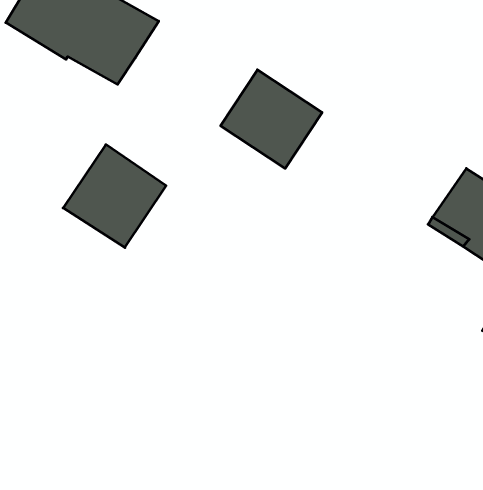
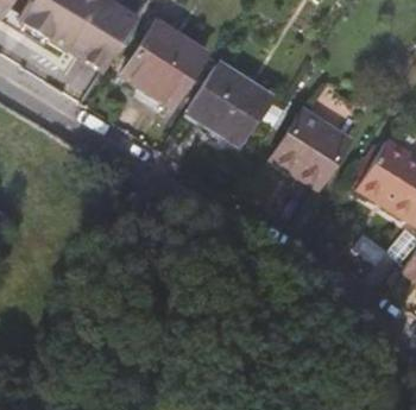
building: none -> [276,112,352,187]
building: [63,145,166,248] -> [119,24,202,107]

